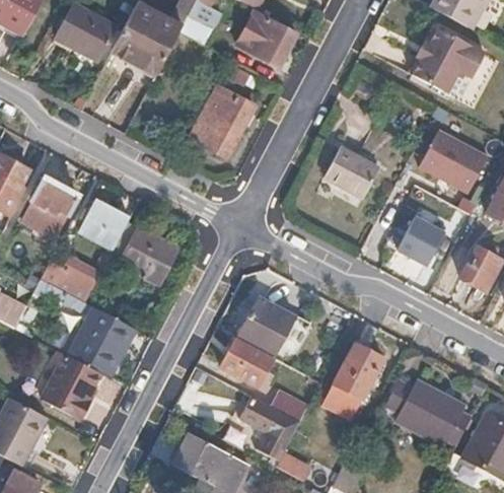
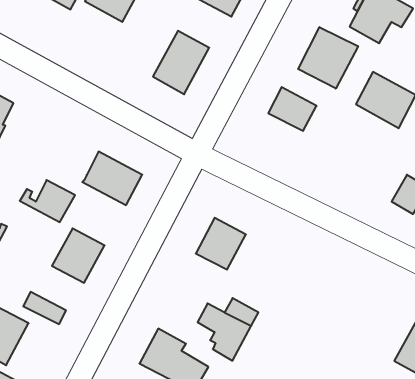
building: none -> [298,27,358,89]
building: [23,177,78,237] -> none
building: [82,201,130,248] -> none
building: [398,218,444,267] -> none
building: [223,337,274,384] -> none
building: [322,341,384,417] -> none
building: [51,350,102,402] -> none
building: [386,378,461,441] -> none

